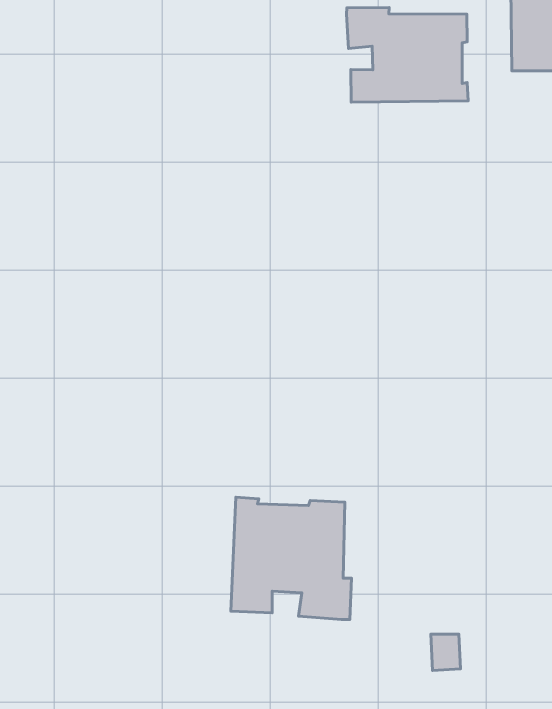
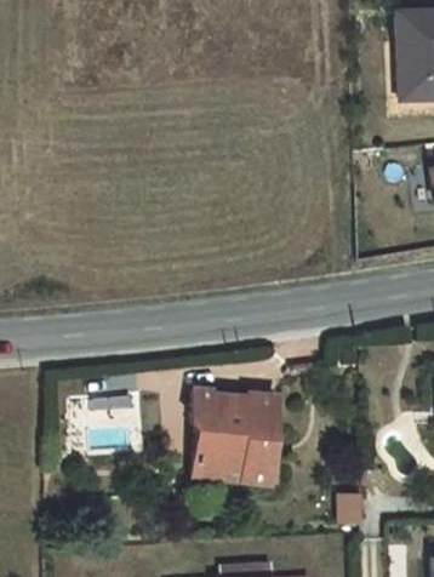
building: [346,7,468,102] -> none

